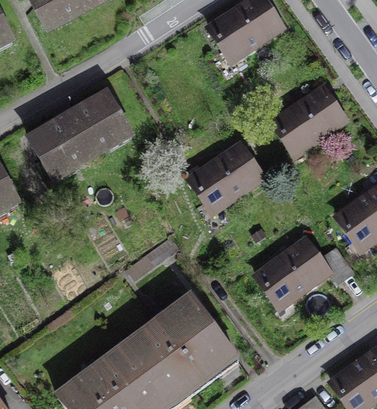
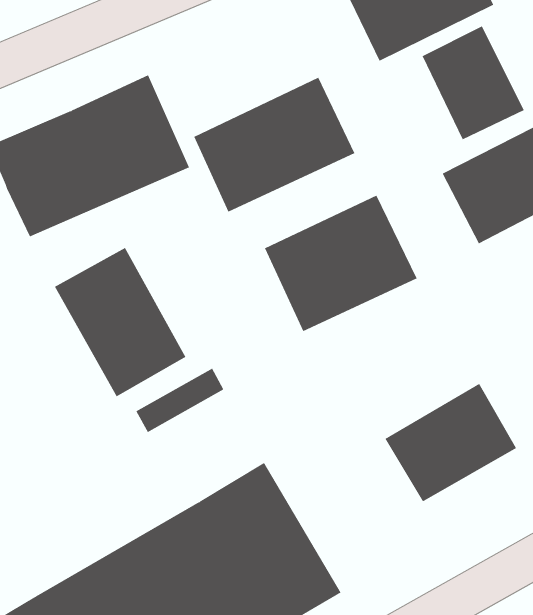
building: none -> [422,25,524,140]
building: none -> [194,77,355,213]
building: none -> [54,247,186,397]

